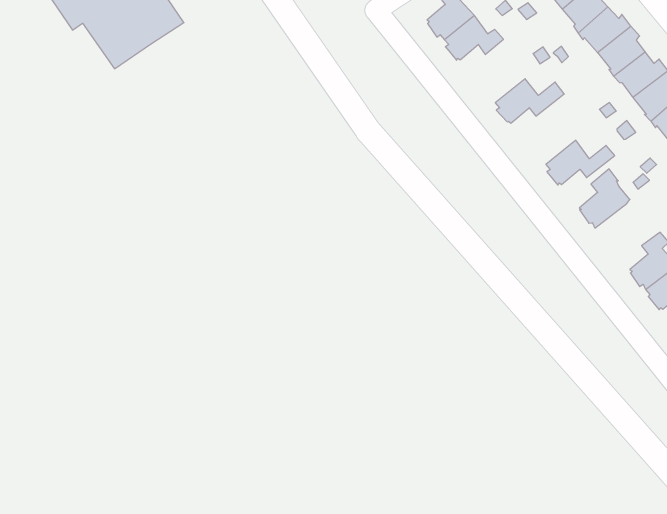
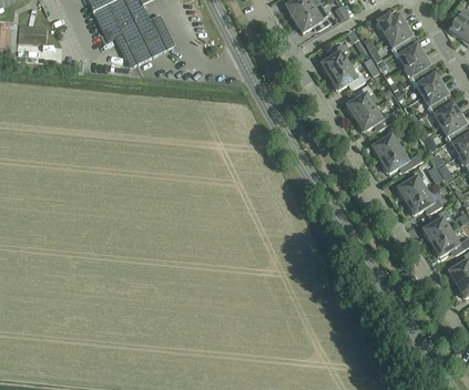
building: none -> [346,83,375,117]
building: none -> [371,125,400,158]
building: none -> [405,188,441,214]

